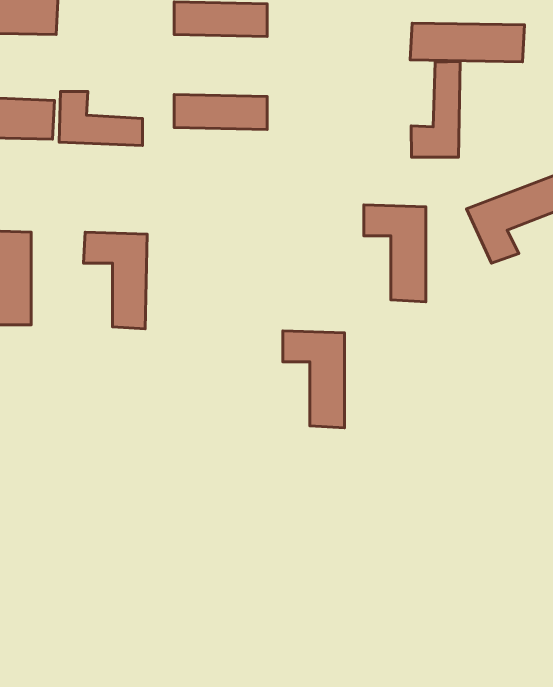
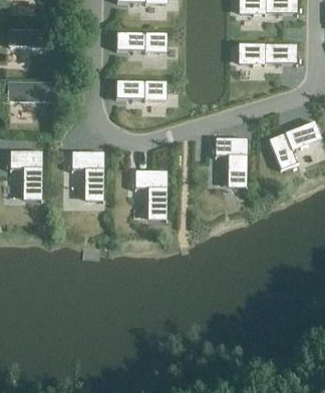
building: [411,61,460,157] -> none
building: [59,92,142,145] -> none
building: [283,331,345,428] -> [133,169,166,220]

